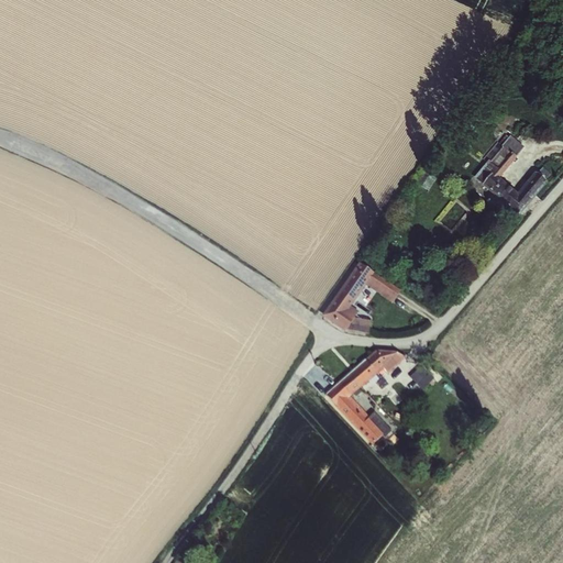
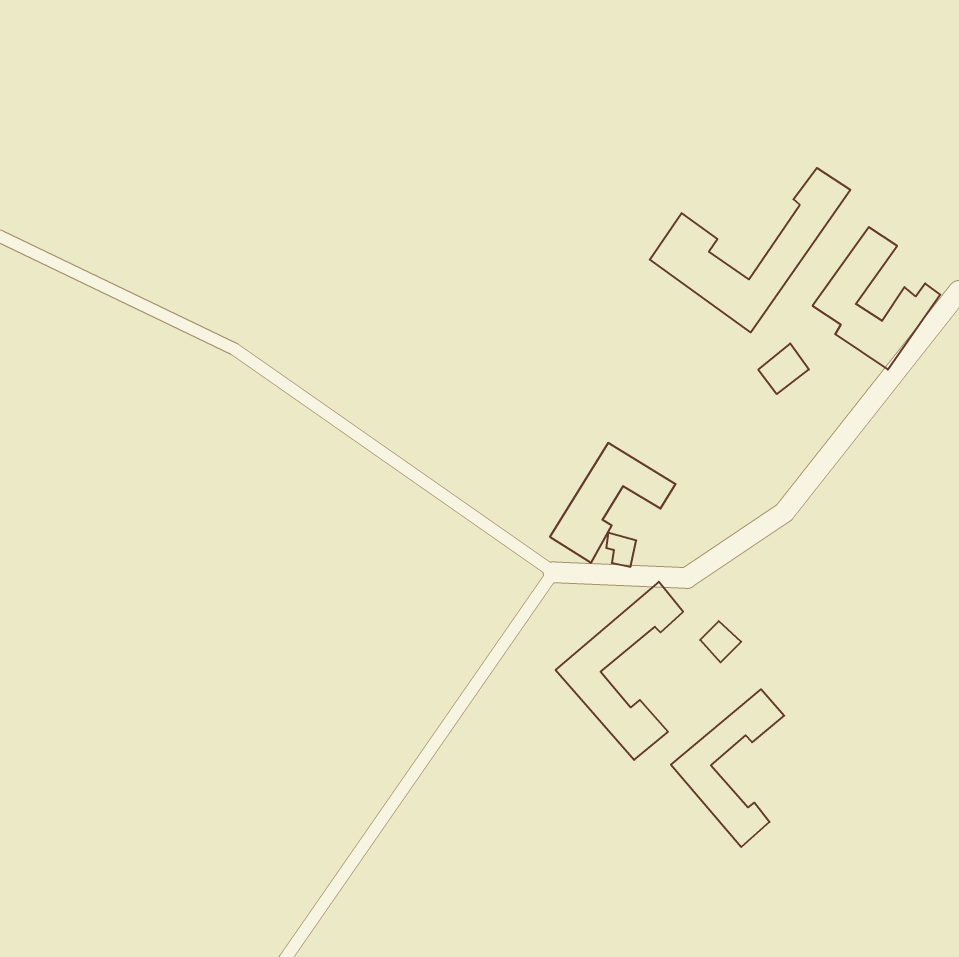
building: none -> [650,168,850,332]
building: none -> [671,689,784,847]

